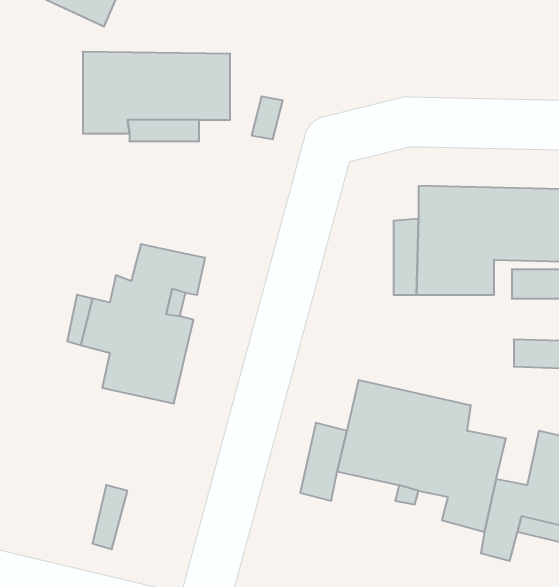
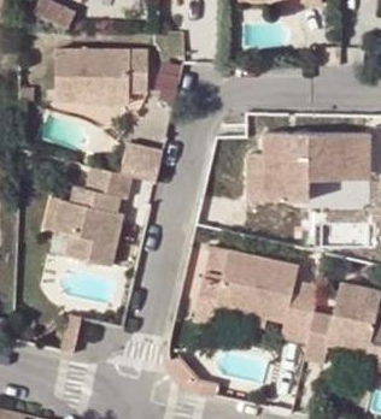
building: none -> [121,143,164,181]

